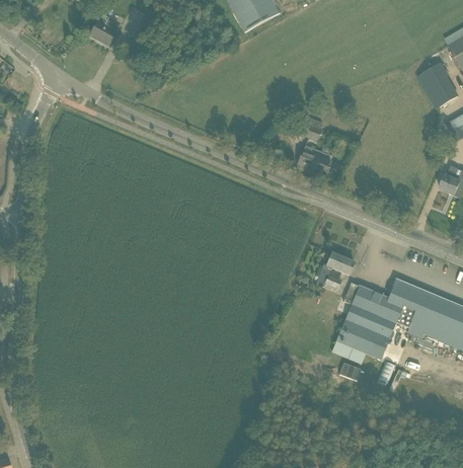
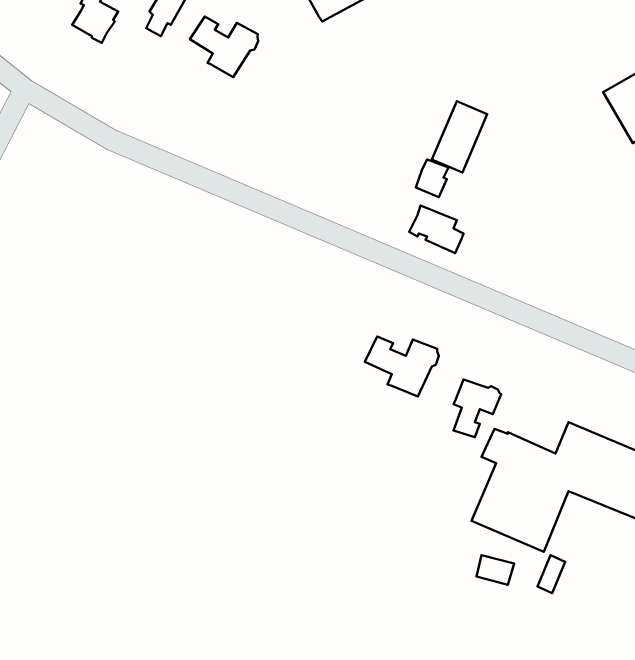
building: none -> [190,16,258,77]
building: none -> [432,101,487,172]
building: none -> [365,336,439,397]

